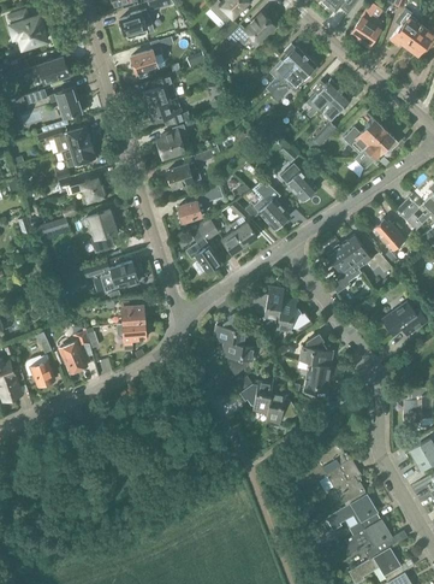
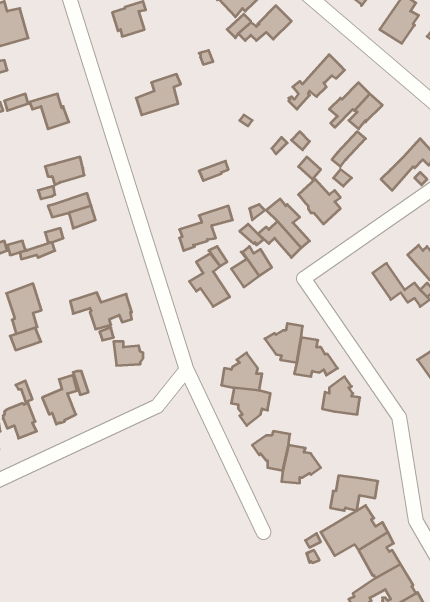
building: [130,36,176,77] -> none
building: [266,43,305,94] -> none
building: [31,58,69,84] -> none
building: [144,98,190,125] -> none
building: [343,119,384,154] -> none
building: [37,126,91,153] -> none
building: [156,126,185,158] -> none
building: [166,163,200,188] -> none
building: [87,208,117,252] -> [6,284,41,334]
building: [327,243,361,294] -> none
building: [117,322,147,350] -> none
building: [303,362,344,393] -> [330,476,378,511]

